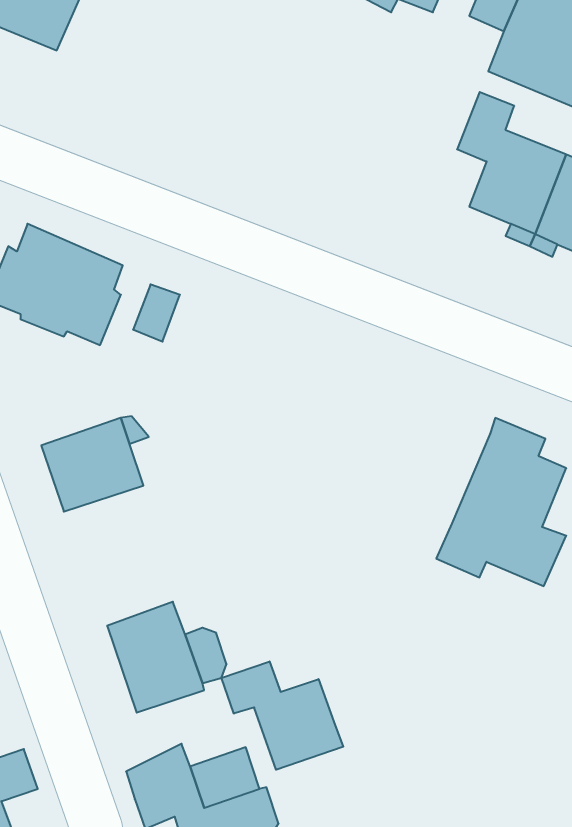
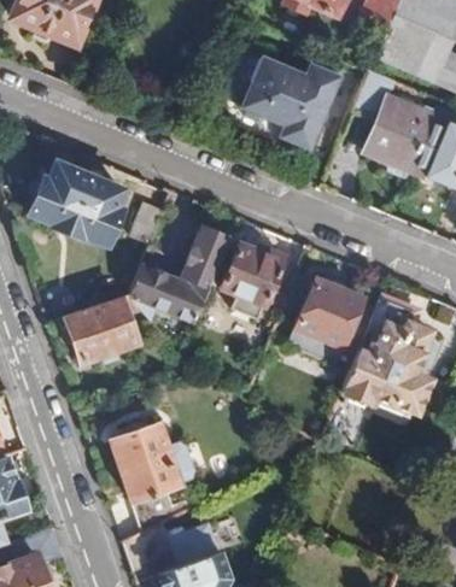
building: none -> [238,59,340,151]
building: none -> [129,227,230,322]
building: none -> [221,246,300,309]
building: none -> [286,278,378,371]
building: [221,661,343,770] -> none

